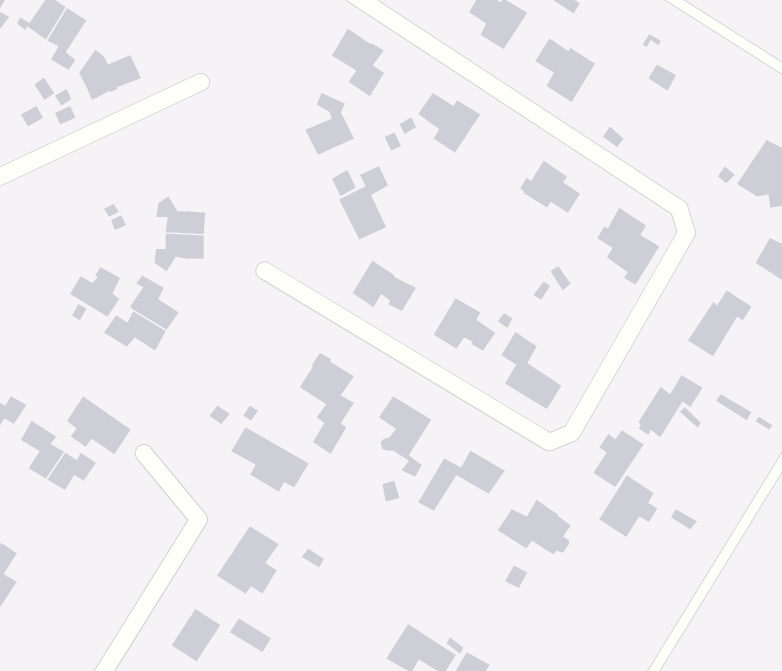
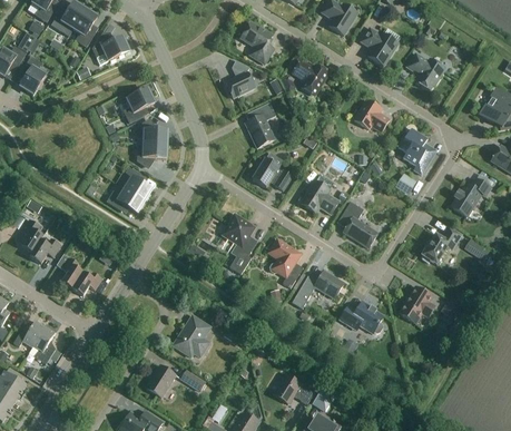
building: none -> [406,52,445,89]
building: none -> [122,88,154,123]
building: [69,266,121,318] -> none
building: [66,395,132,456] -> none
building: [230,426,310,493] -> none
building: [592,429,645,488] -> none

